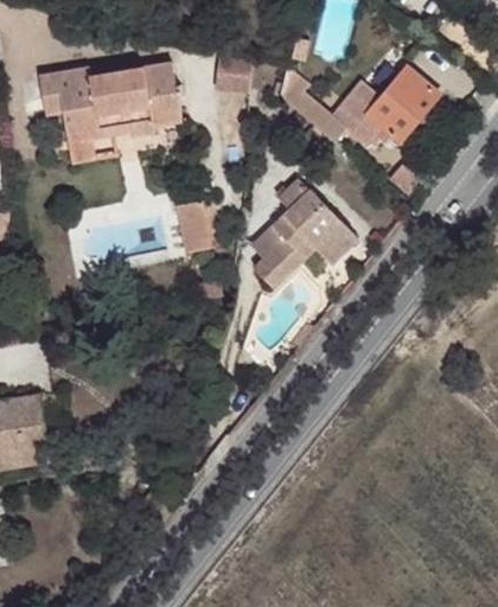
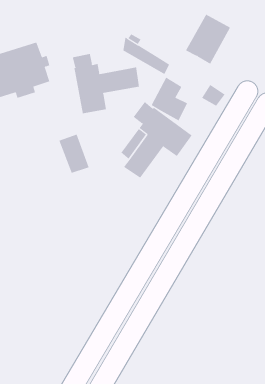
building: [333,79,387,146] -> [151,77,188,121]
building: none -> [72,53,139,114]

